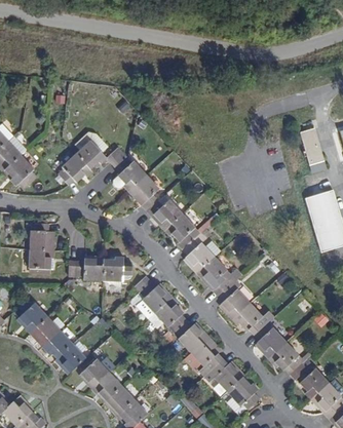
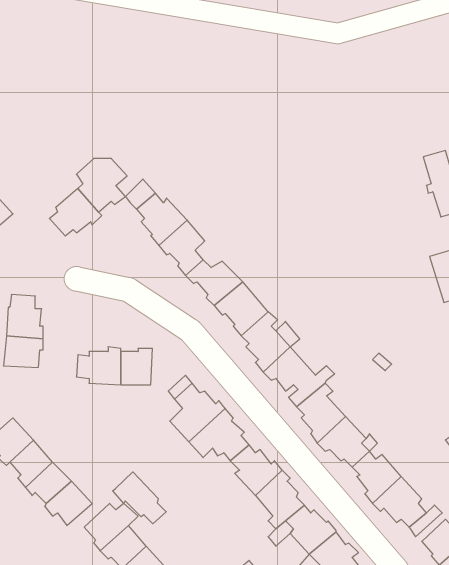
building: none -> [113,472,166,524]

